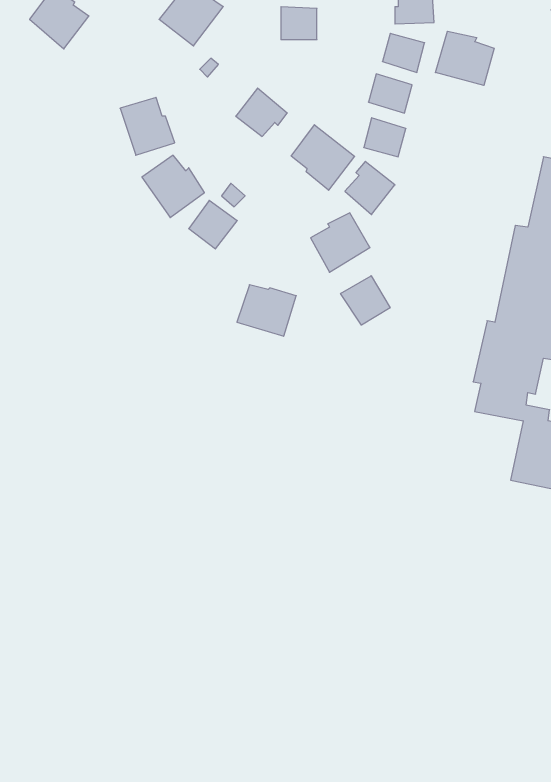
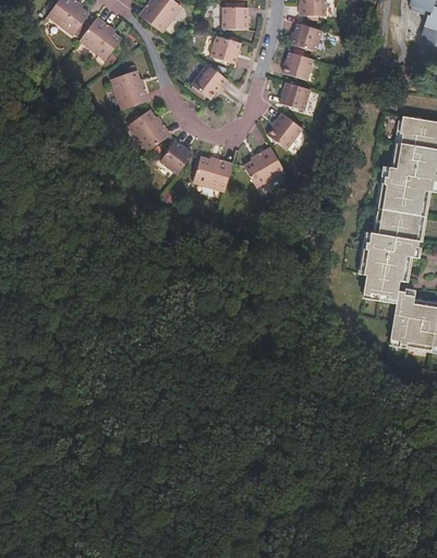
building: none -> [78,19,121,61]
building: [435,31,494,85] -> none
building: none -> [209,36,240,63]
building: [291,125,355,190] -> none
building: [341,276,390,325] -> none
building: [237,285,296,336] -> [192,157,233,193]

